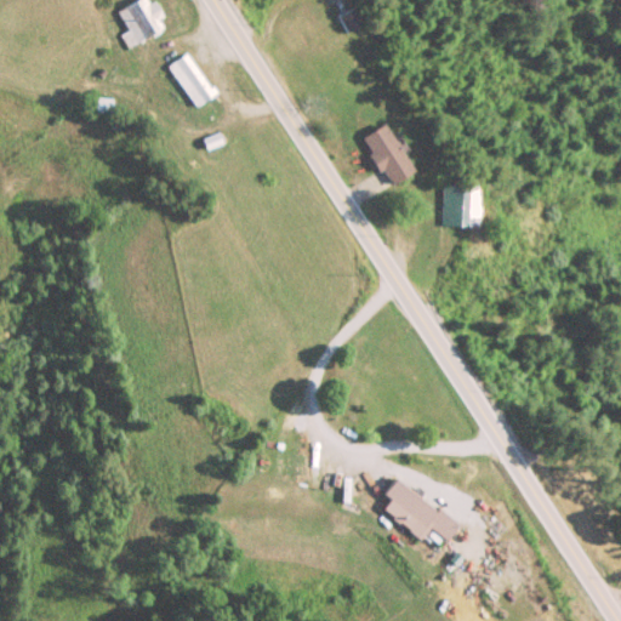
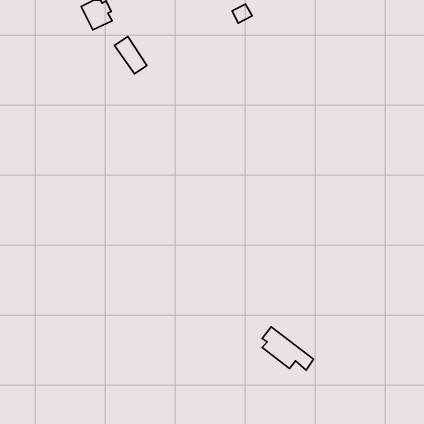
building: [363,125,414,187] -> none
building: [441,184,478,228] -> none

